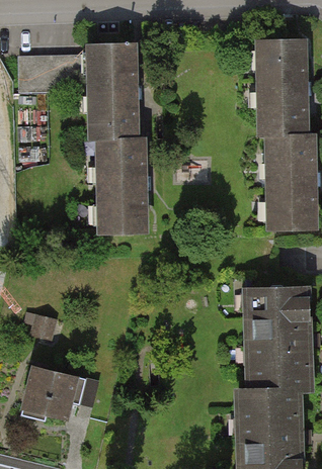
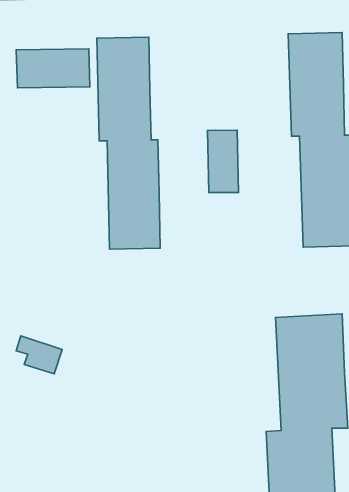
building: none -> [207,130,239,193]
building: [12,363,79,421] -> none

